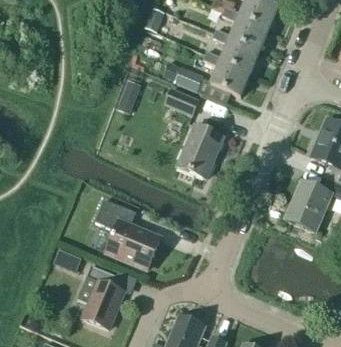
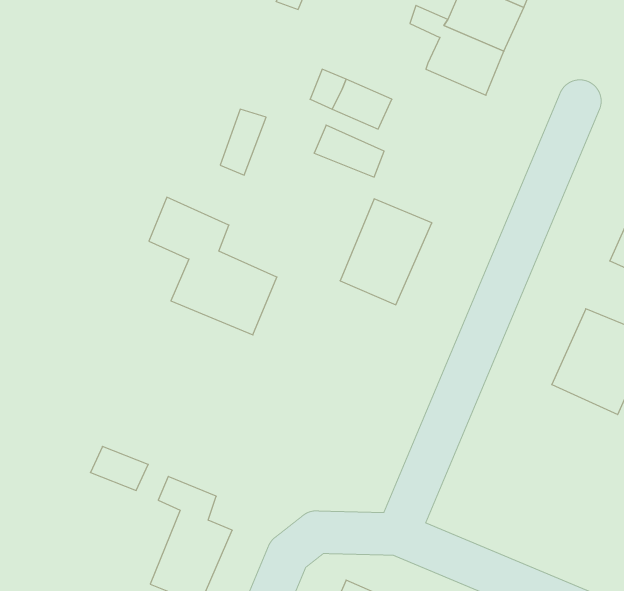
building: [202,50,250,97] -> none
building: [95,199,159,268] -> [149,197,277,335]

